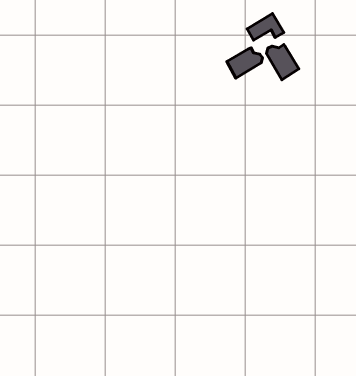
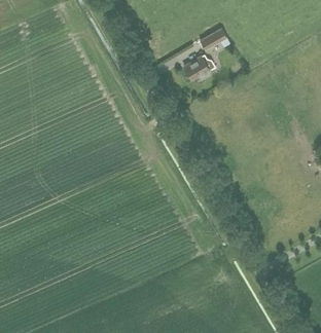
building: [266,44,299,80] -> none

